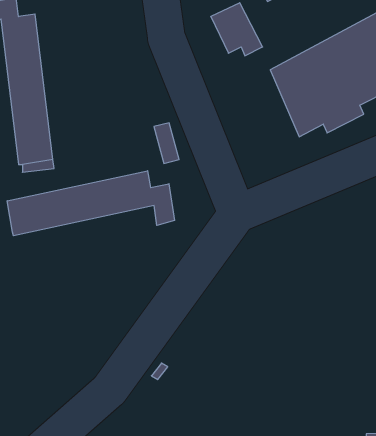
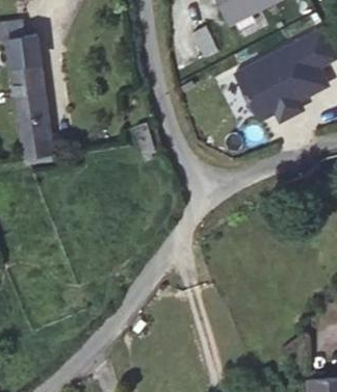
building: [7,171,175,236] -> none

